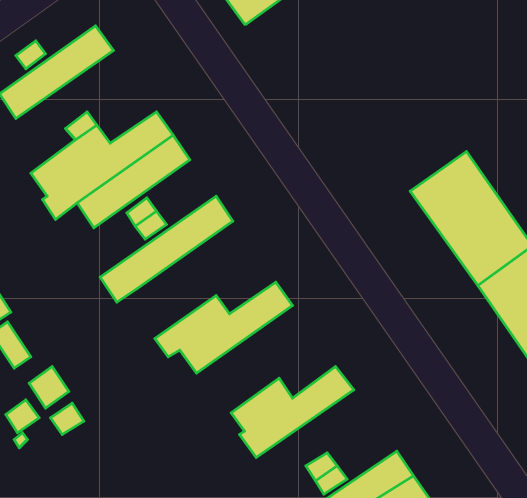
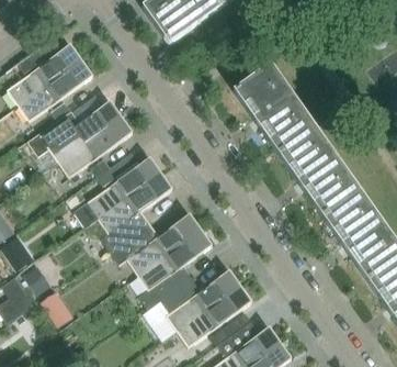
building: none -> [18,59,93,120]
building: none -> [234,63,316,153]
building: none -> [98,173,172,251]
building: none -> [137,229,213,300]
building: none -> [177,285,252,346]

